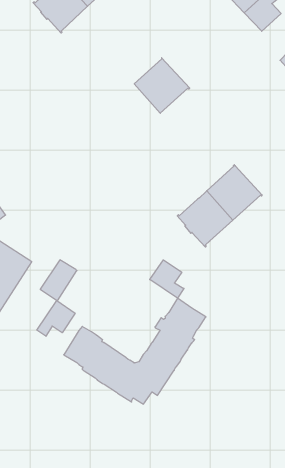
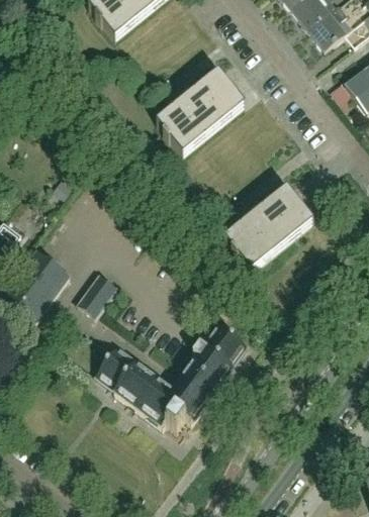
building: none -> [156,96,213,154]
building: [150,260,184,298] -> none
building: [37,300,75,336] -> none

